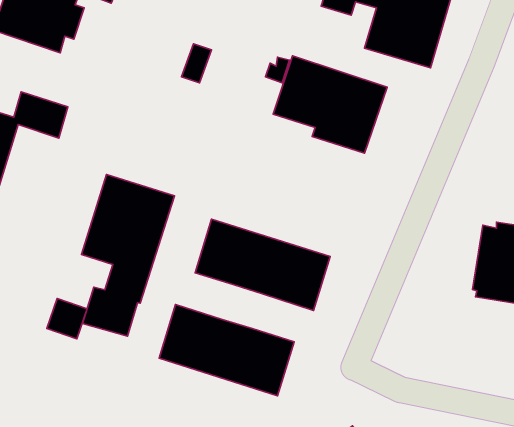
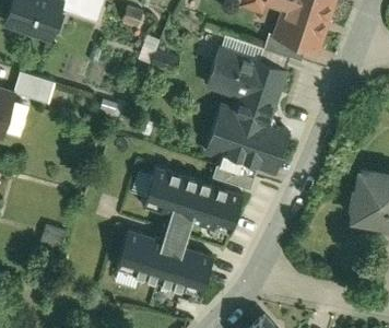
building: none -> [201,103,291,178]
building: [81,174,174,336] -> none
building: none -> [166,215,196,247]

